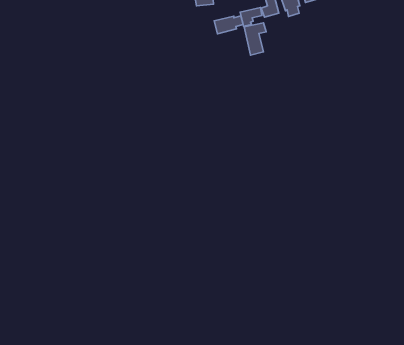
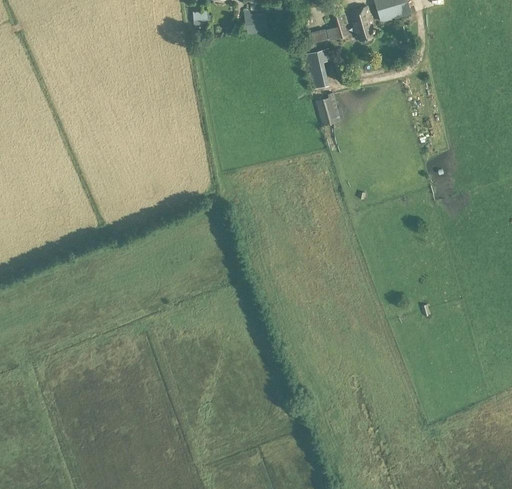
building: [214,16,243,34] -> none
building: none -> [315,95,341,126]

